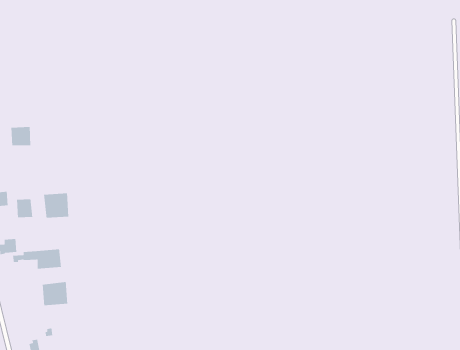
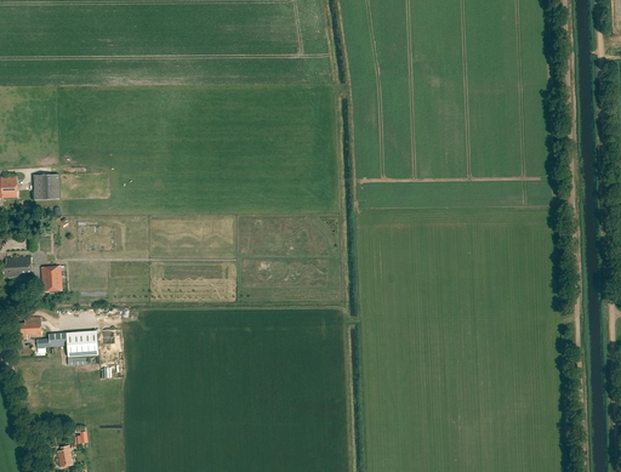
building: [43,193,69,218] -> none
building: [42,281,68,306] -> none

